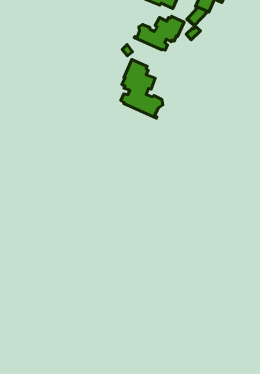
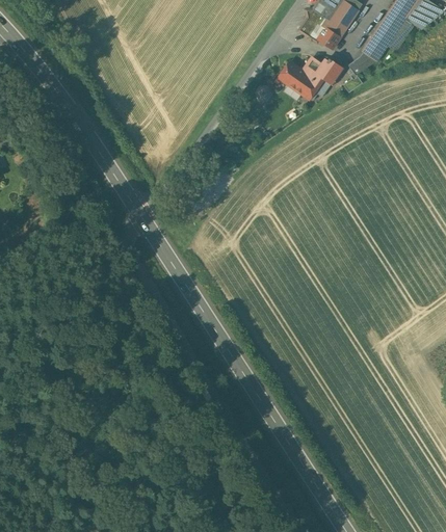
building: [121,60,163,118] -> none

